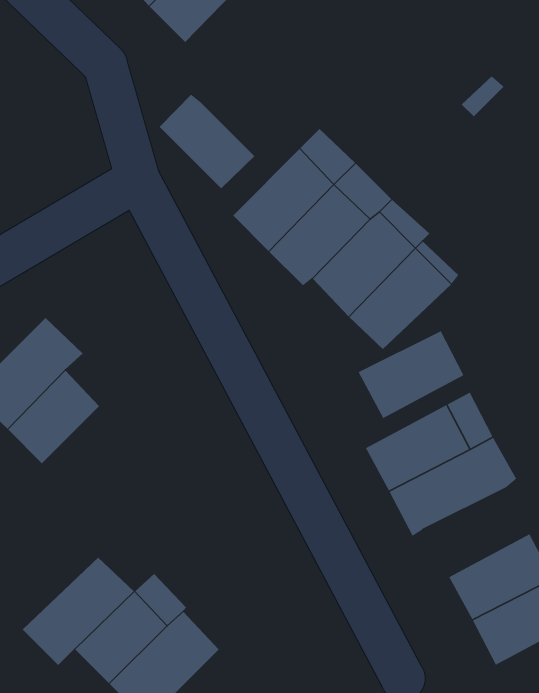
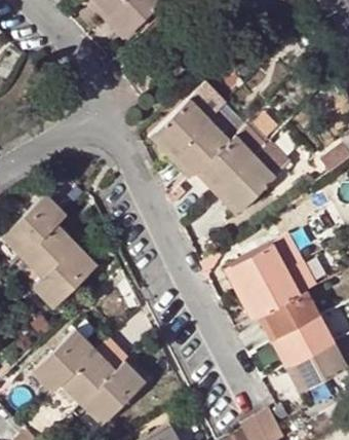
building: [159,94,255,189] -> none
building: [358,330,465,419] -> [260,291,320,341]
building: none -> [35,245,96,306]

